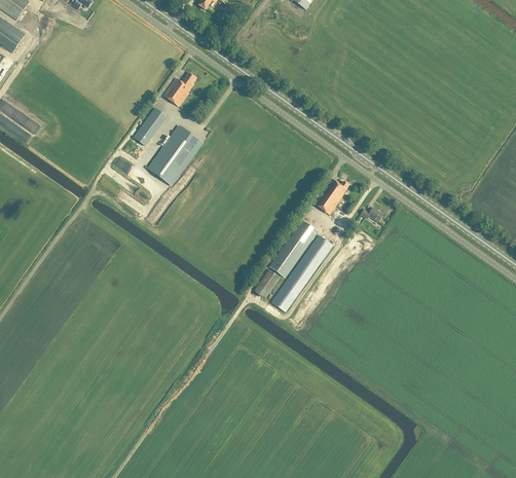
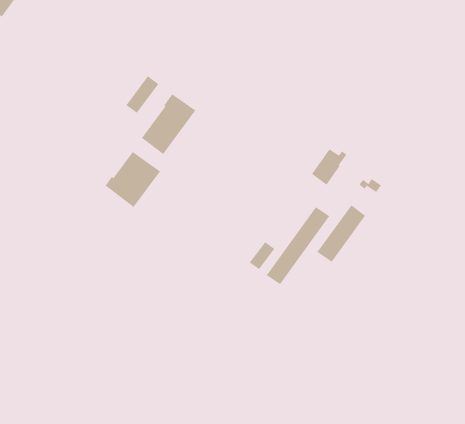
building: [163,72,196,107] -> none
building: none -> [105,151,161,208]
building: [269,220,318,277] -> [316,204,366,262]

